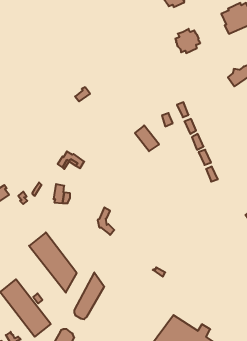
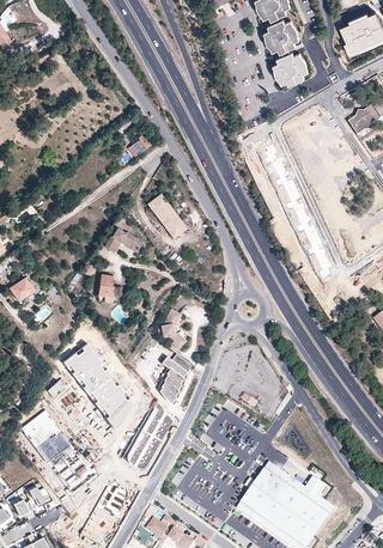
building: none -> [263,19,299,54]
building: [135,125,159,151] -> [148,194,183,231]
building: none -> [159,354,190,403]

